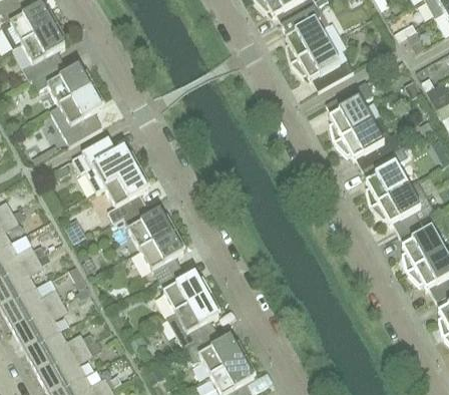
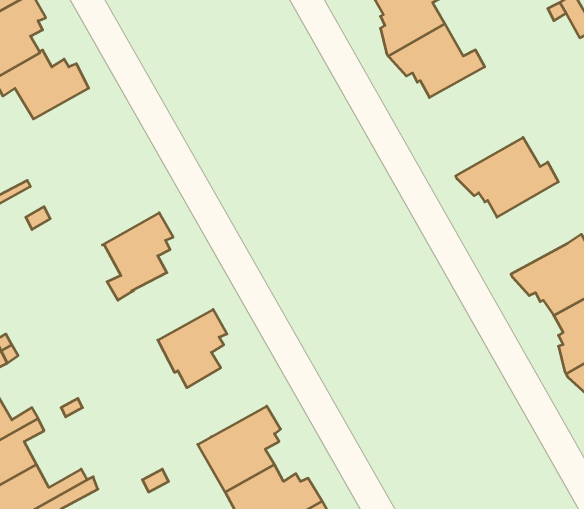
building: [325,81,373,141] -> none
building: [49,84,103,144] -> none
building: [71,137,140,191] -> none
building: [361,145,407,206] -> none
building: [122,205,175,249] -> none
building: [158,267,210,312] -> none

